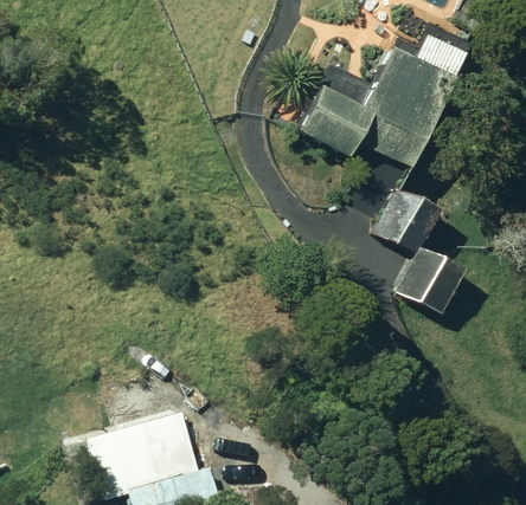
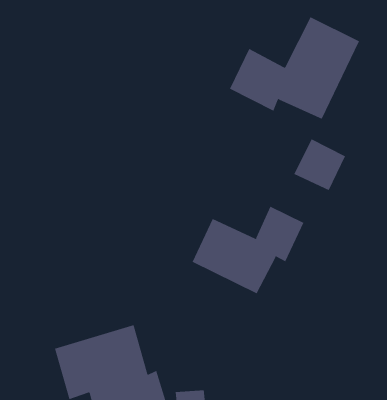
building: [396,244,463,313] -> none
building: none -> [192,206,304,294]

